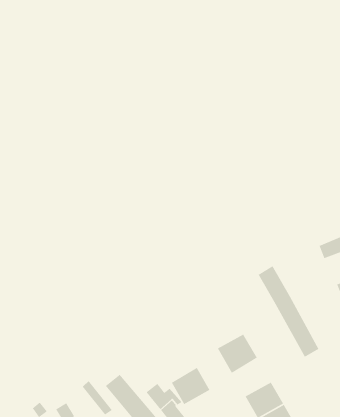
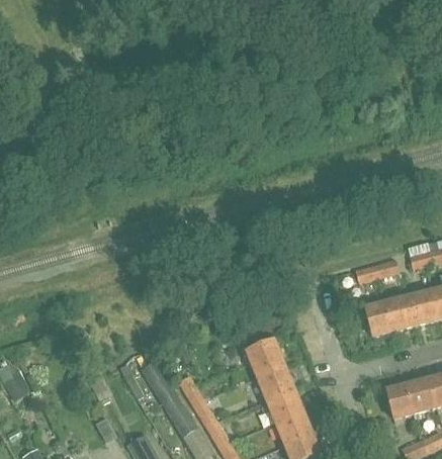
building: [257,265,320,358] -> none
building: [171,367,211,405] -> [258,364,293,397]

